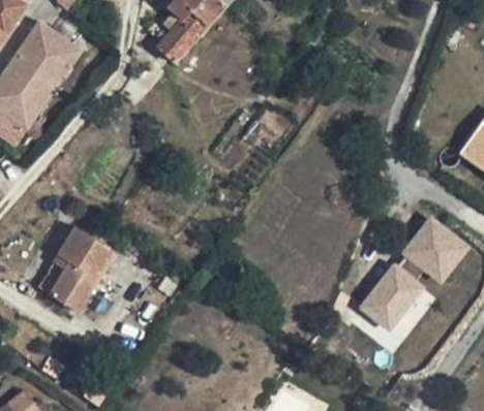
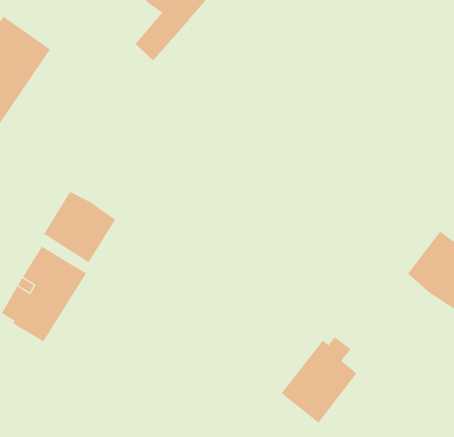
building: none -> [43,191,116,263]
building: [356,257,424,335] -> [281,336,357,423]

